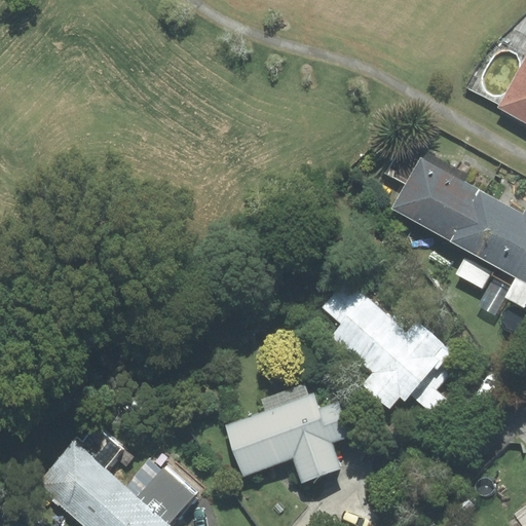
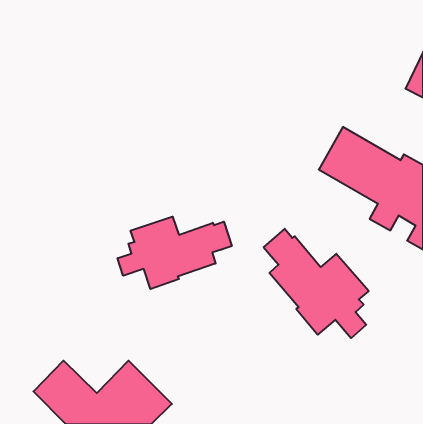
building: none -> [118,217,232,289]
building: [223,384,354,487] -> none

